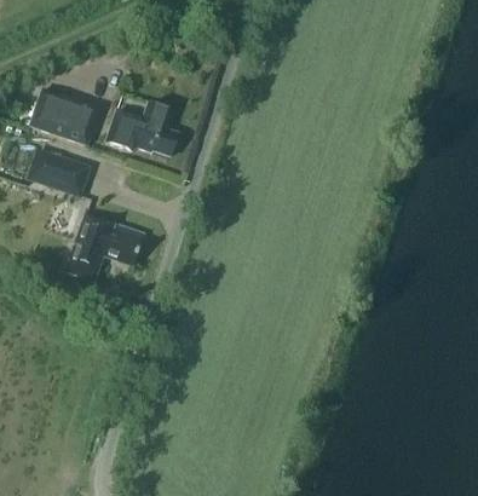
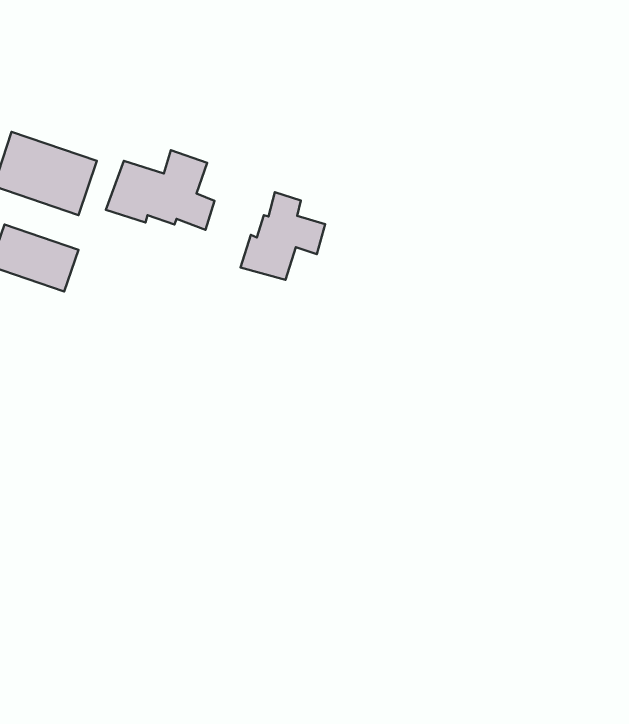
building: none -> [240,192,325,280]
building: [64,212,143,281] -> none

